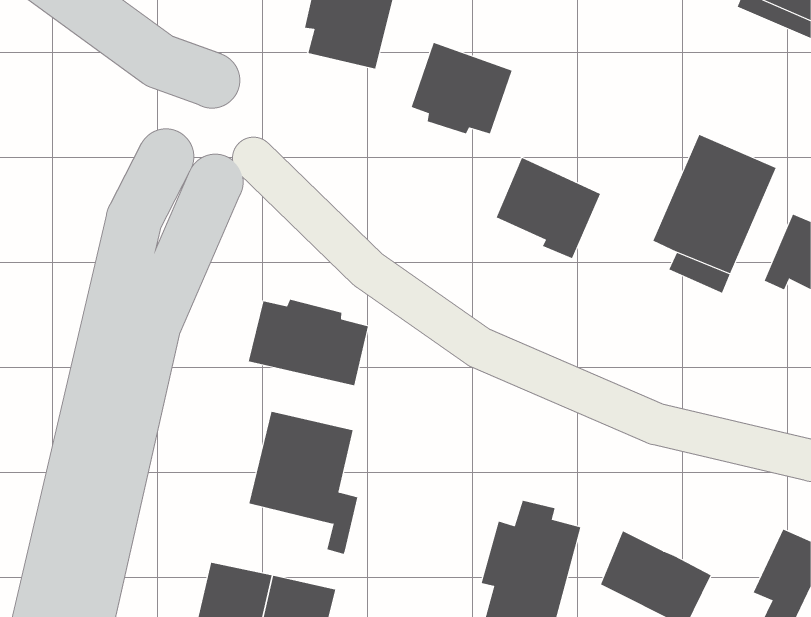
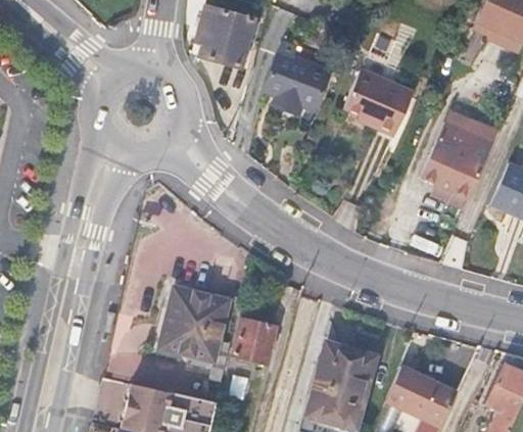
building: [496,157,601,259] -> [344,73,412,138]
building: [248,299,369,386] -> none
building: none -> [232,319,275,364]

